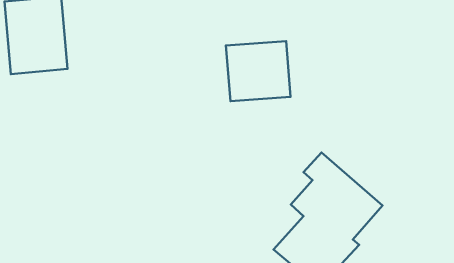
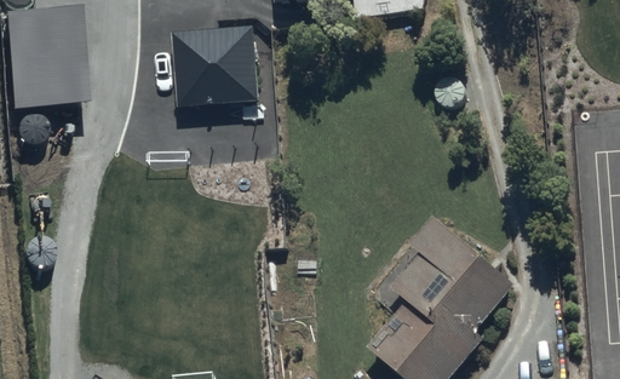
building: [226,41,291,101] -> [171,25,258,107]

